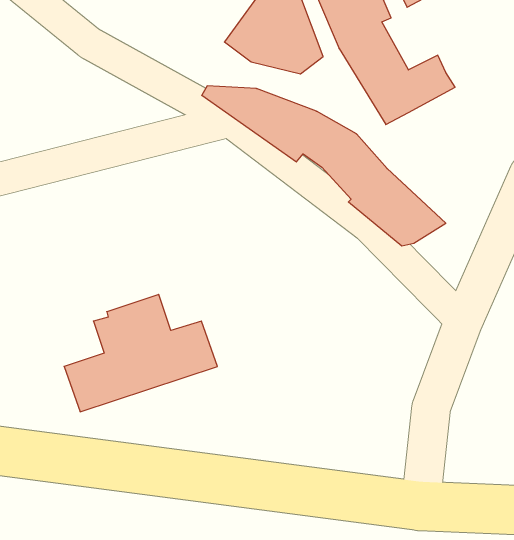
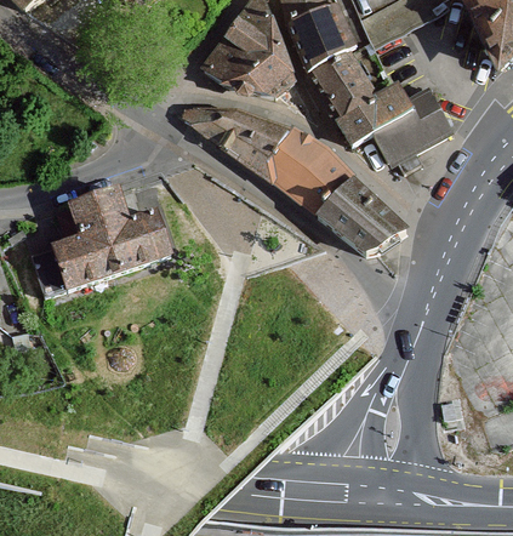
building: none -> [374,84,456,165]
building: [64,294,217,412] -> [33,188,172,295]

